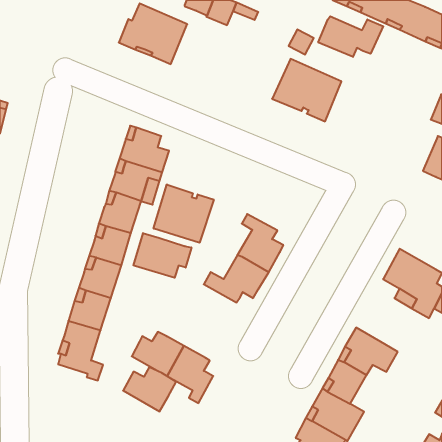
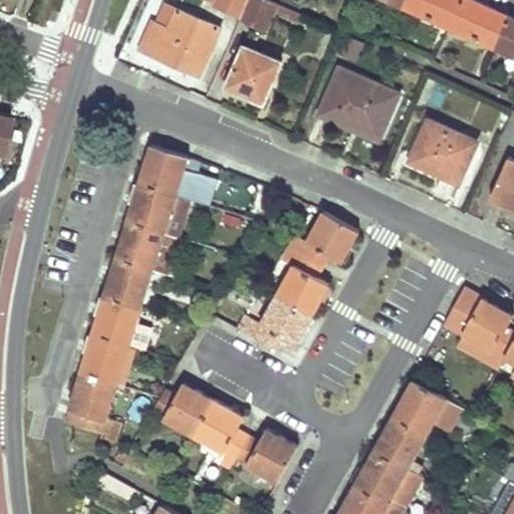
building: [318,16,383,57] -> none
building: none -> [225,46,280,103]
building: none -> [409,120,475,183]
building: none -> [286,213,357,268]
building: [154,184,214,243] -> none
building: [133,233,191,278] -> none
building: [123,367,176,411] -> [235,432,296,483]

